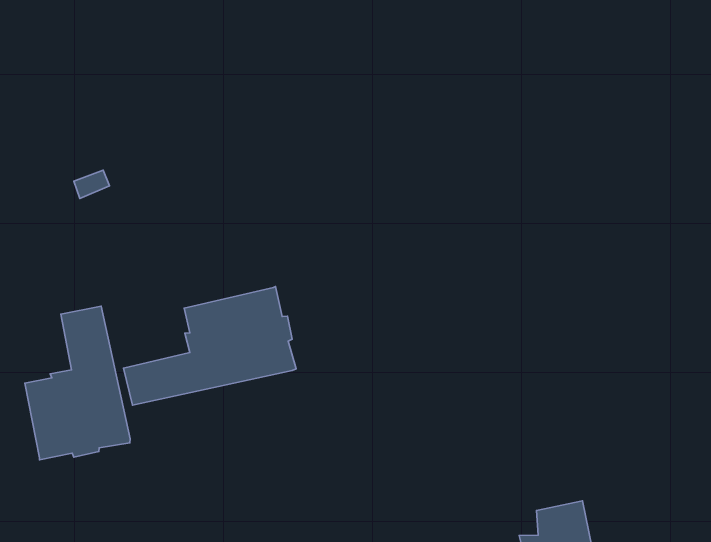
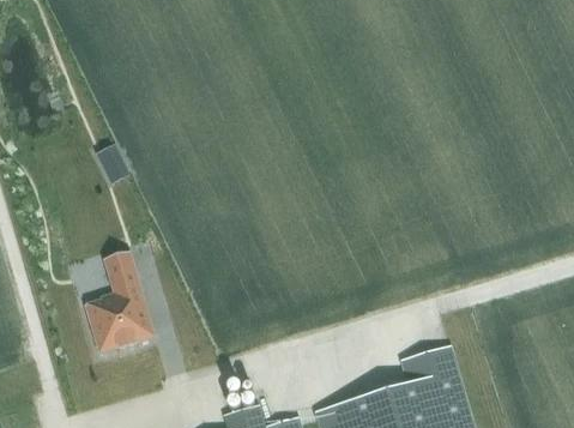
building: [124,286,296,405] -> none

